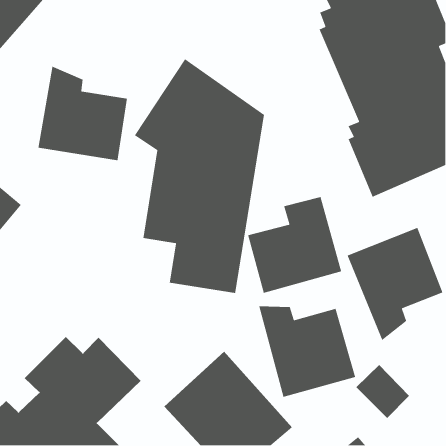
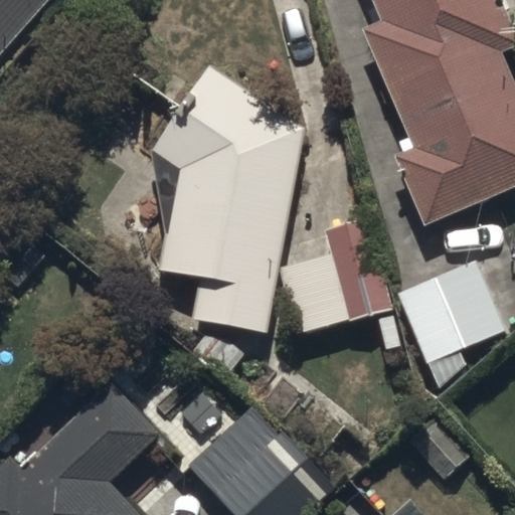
building: [37,65,128,161] -> none
building: [258,306,356,398] -> none

